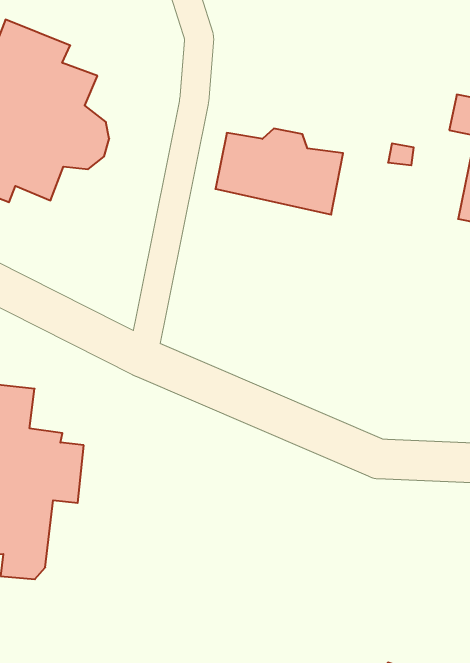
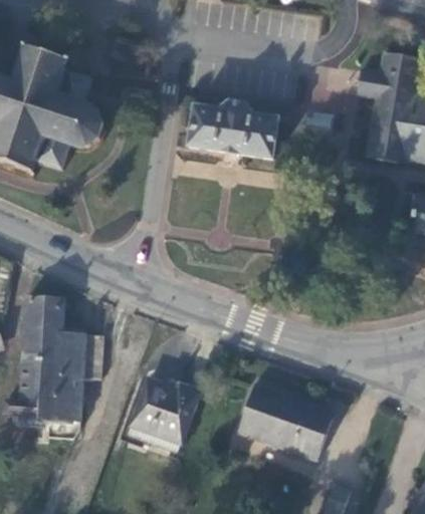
building: none -> [126,379,199,455]
building: none -> [236,384,331,459]

